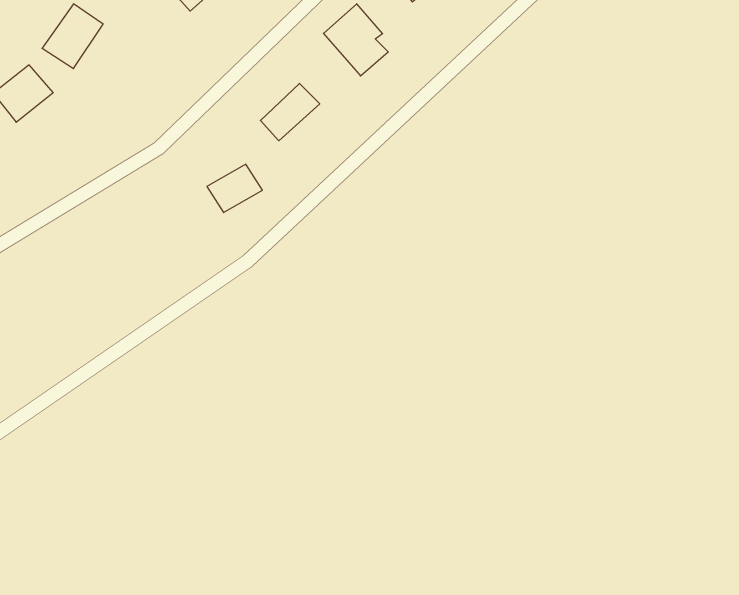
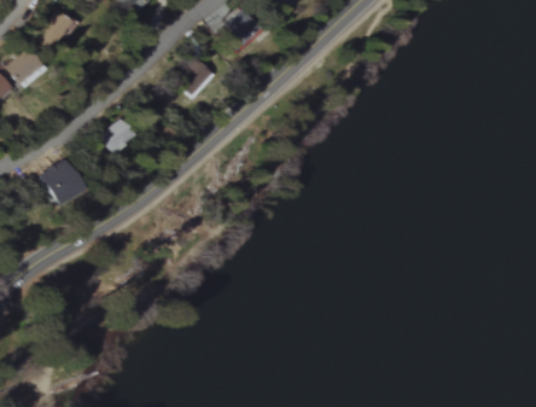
building: [207,164,262,213] -> [99,120,135,151]
building: none -> [37,158,83,204]

